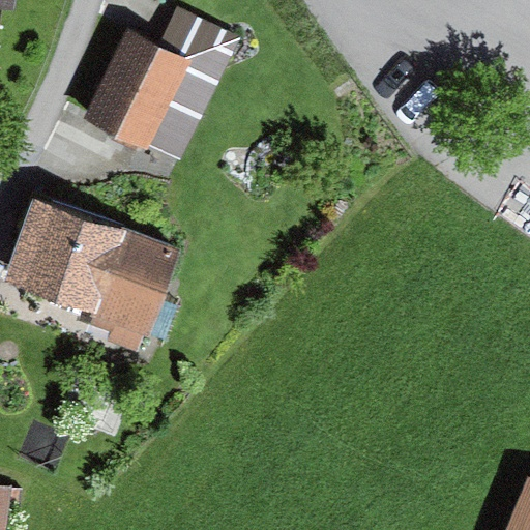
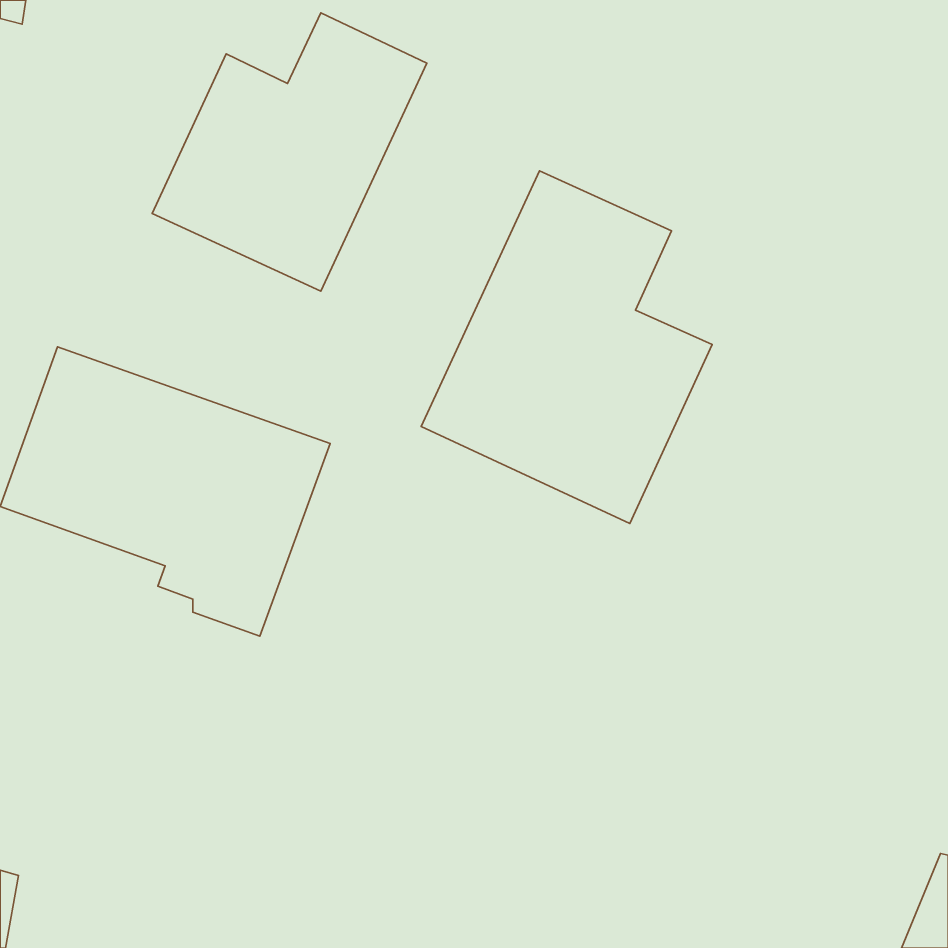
building: none -> [421,171,712,523]

